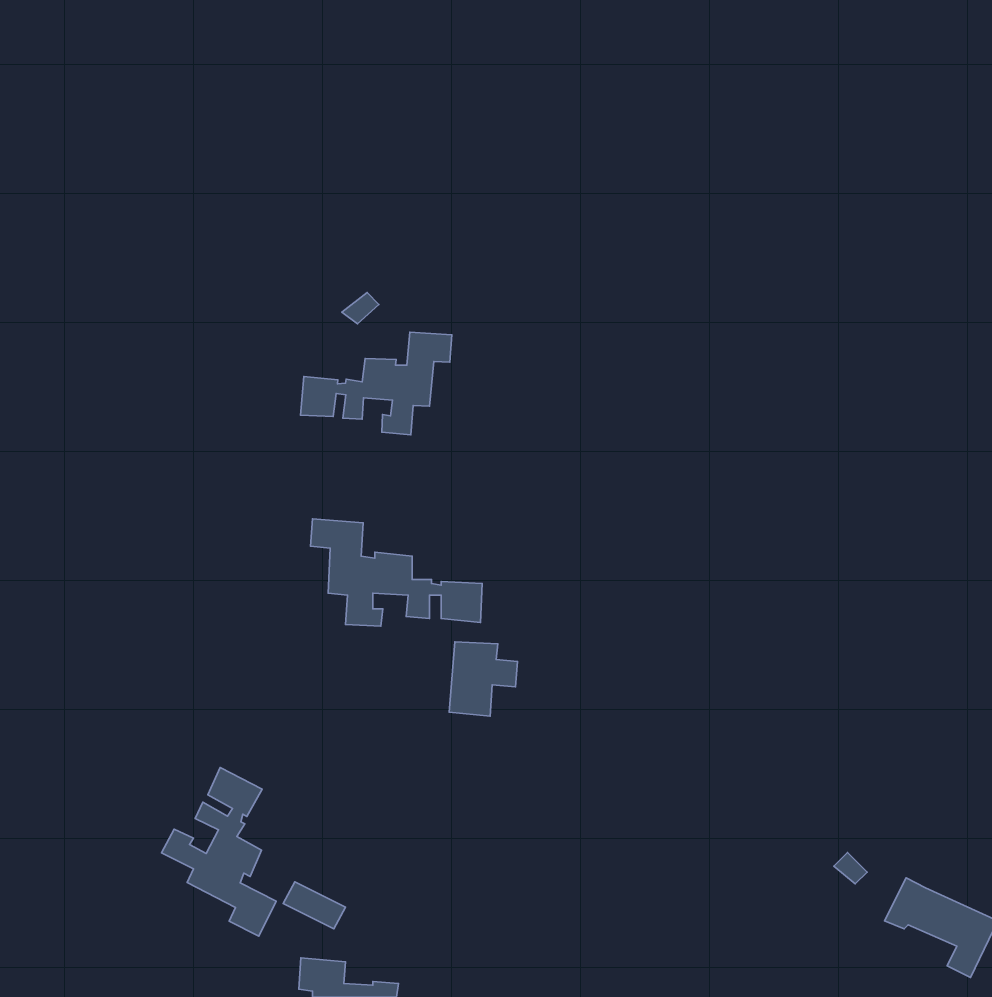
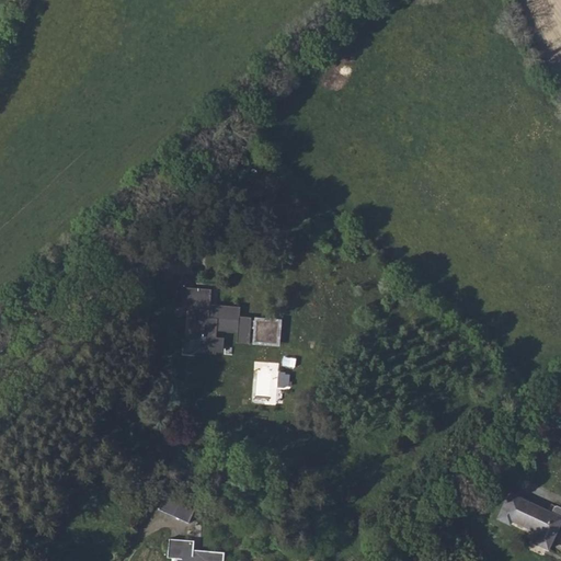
building: [300,332,452,435] -> none
building: [162,767,276,936] -> none

